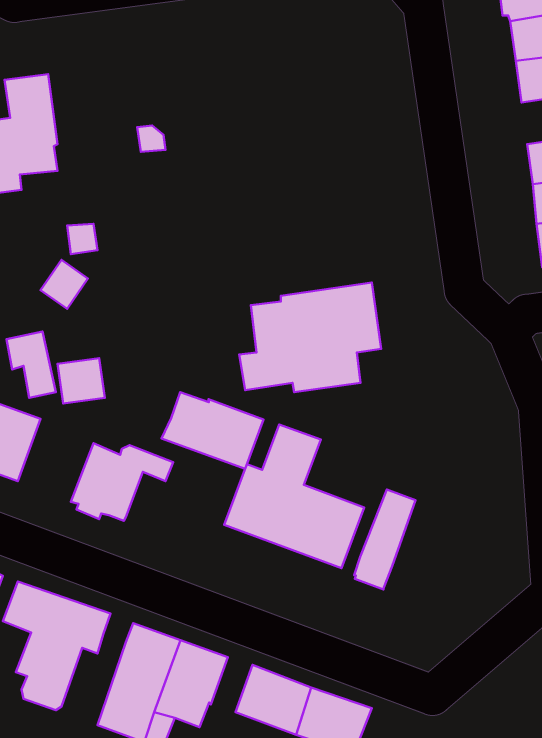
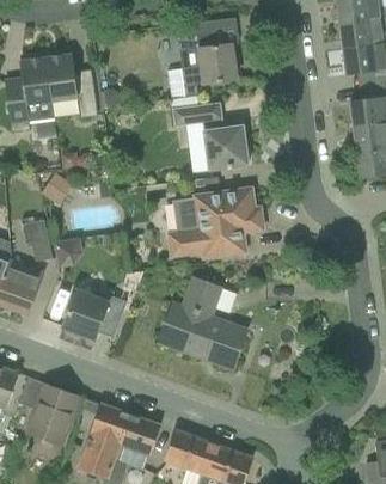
building: none -> [167,29,237,99]
building: none -> [48,53,99,117]
building: none -> [173,102,249,170]
building: [161,392,263,469] -> none
building: [354,489,416,589] -> none

